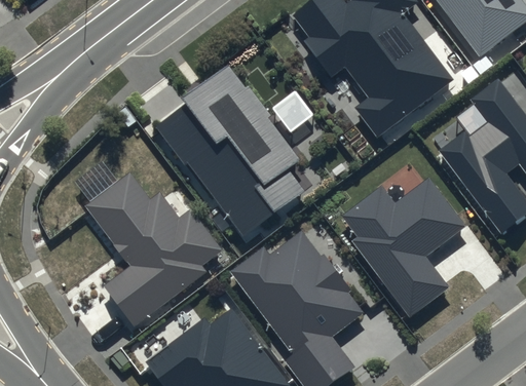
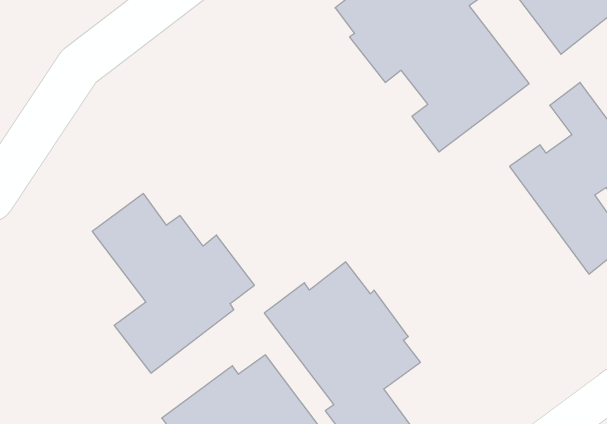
building: [157,61,306,237] -> none
building: [342,178,467,316] -> none

